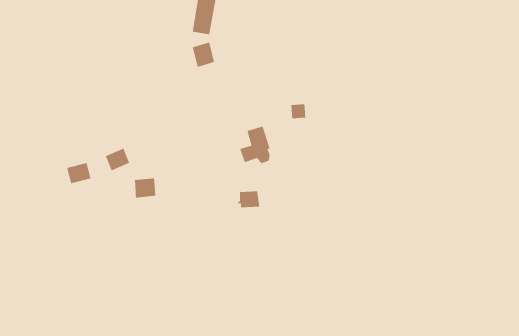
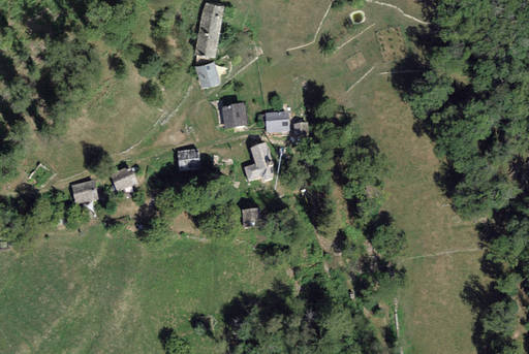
building: none -> [222,103,246,126]
building: none -> [266,111,288,131]
building: [134,177,156,198] -> [178,149,199,169]

